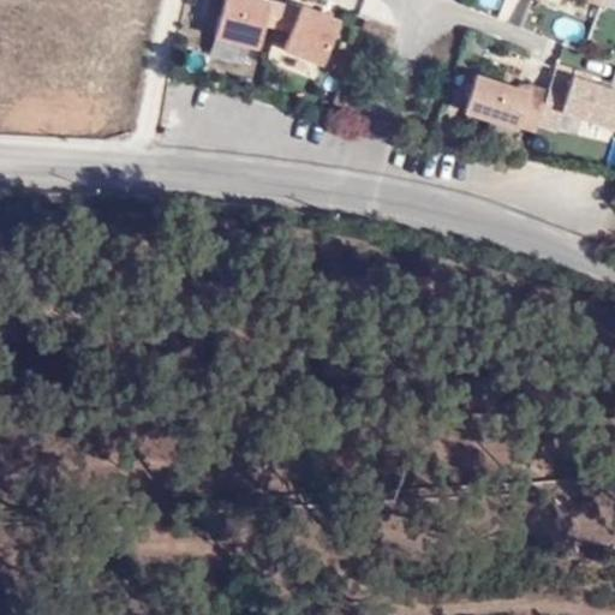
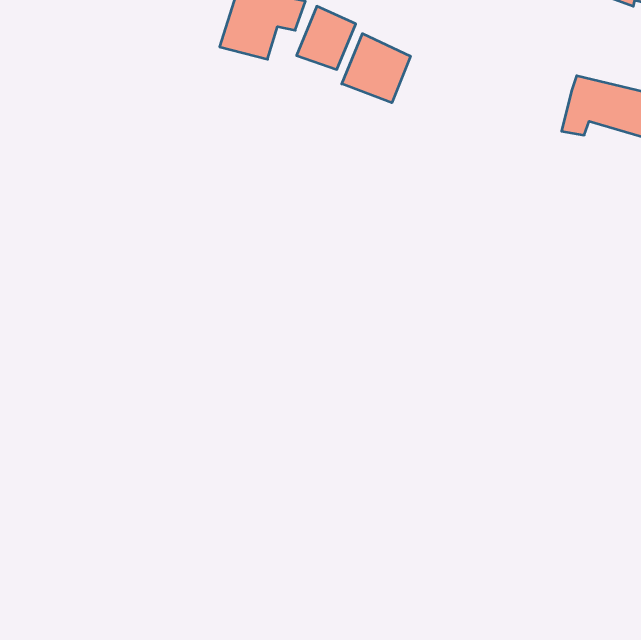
building: none -> [342,34,410,103]
building: [465,73,548,132] -> none

